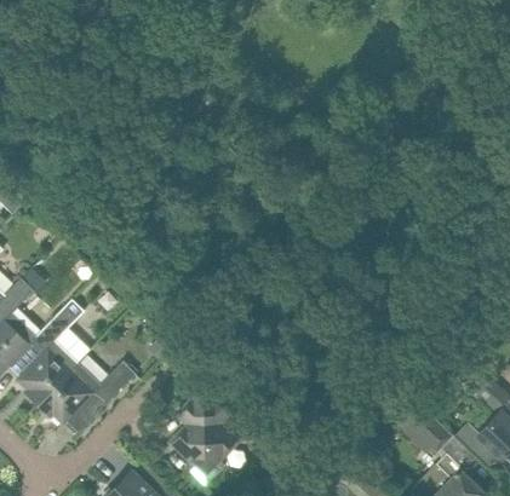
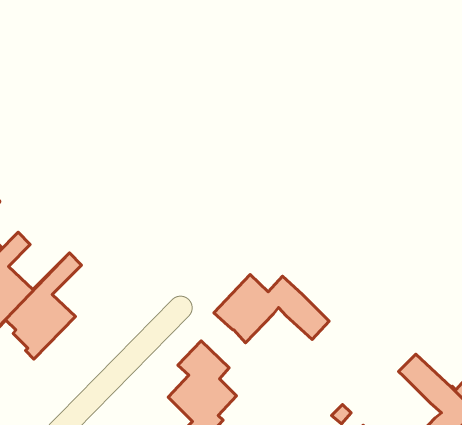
building: none -> [214,274,329,343]
building: [38,363,136,434] -> none

